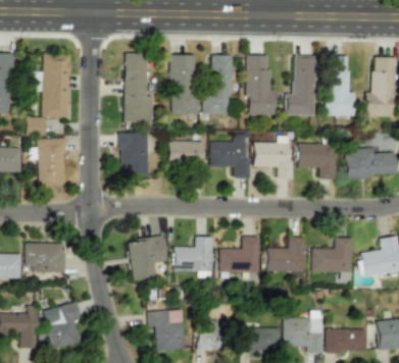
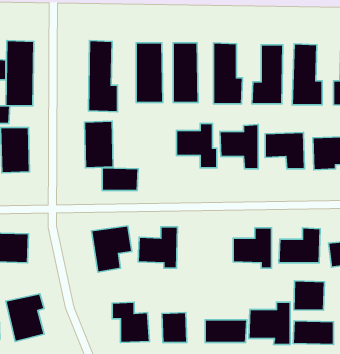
building: [168,141,204,163] -> [102,168,138,190]
building: [219,237,259,273] -> none
building: none -> [294,281,324,310]

